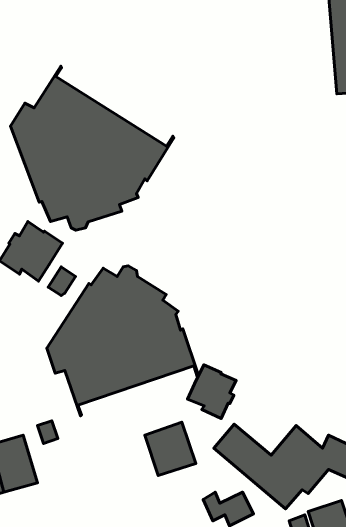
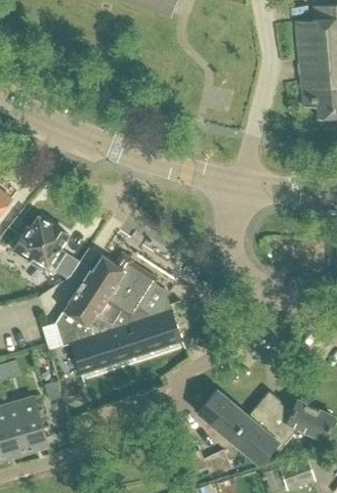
building: [11,66,174,230] -> none
building: [188,365,236,418] -> none
building: [145,422,196,475] -> none

